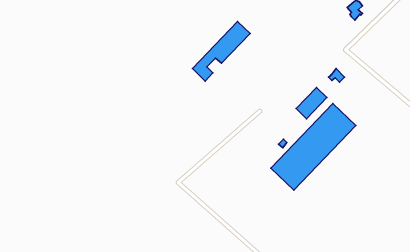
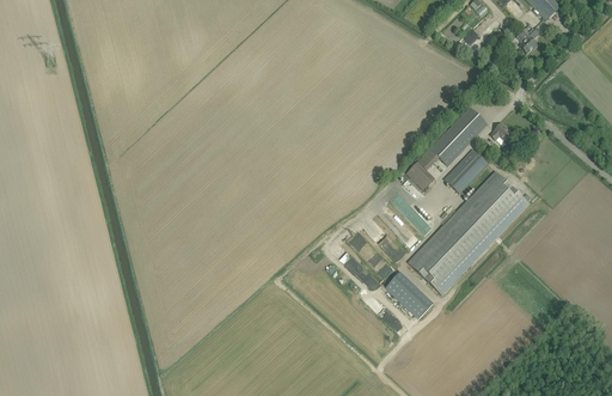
building: [192,22,250,81] -> [405,106,486,190]
building: none -> [382,269,432,317]

